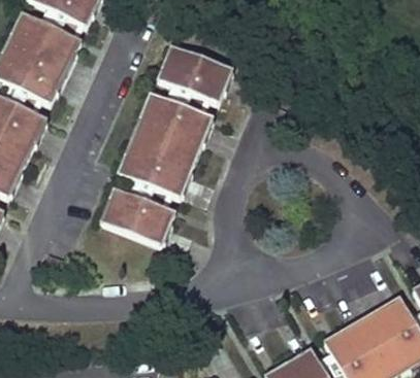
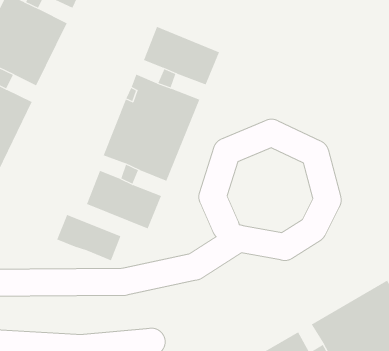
building: none -> [56,214,121,261]

